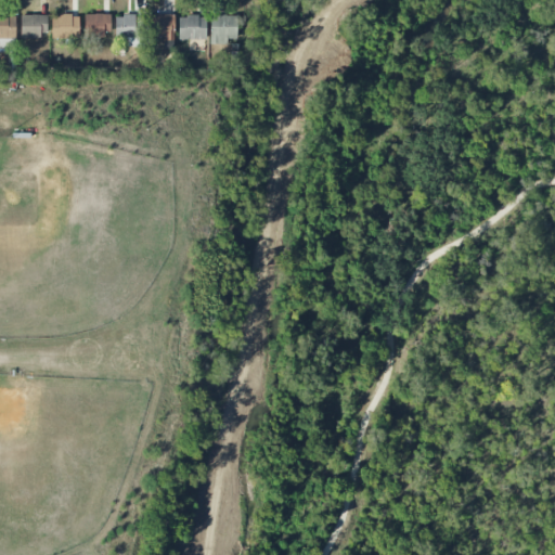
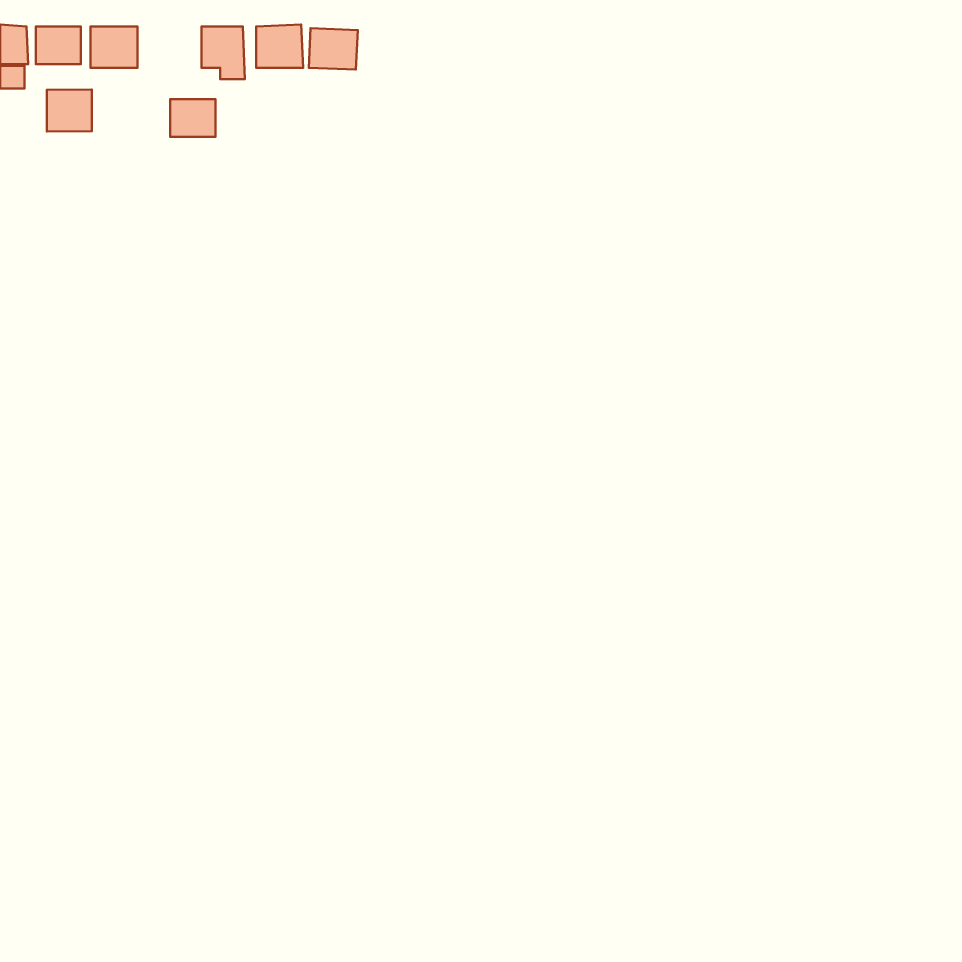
building: [85,14,111,36] -> [170,99,216,137]
building: [209,15,236,44] -> none
building: none -> [47,89,92,131]

